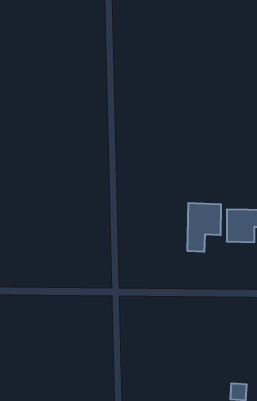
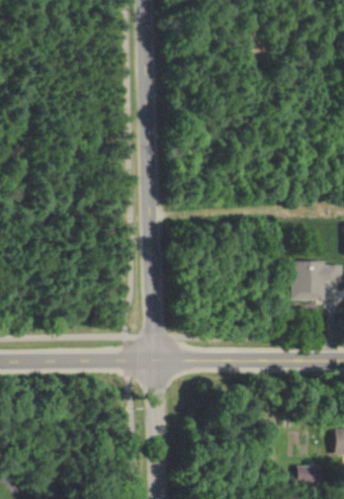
building: [188,203,221,252] -> none

